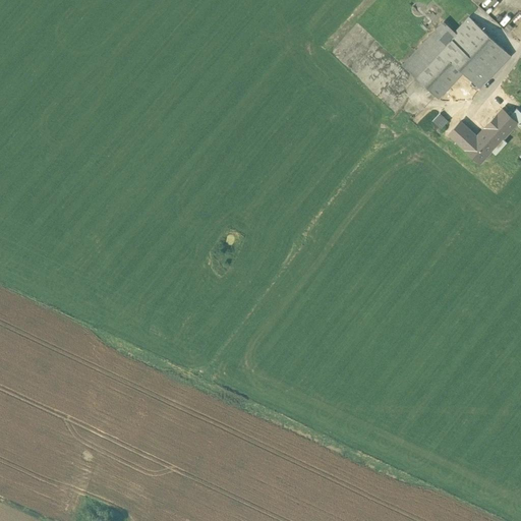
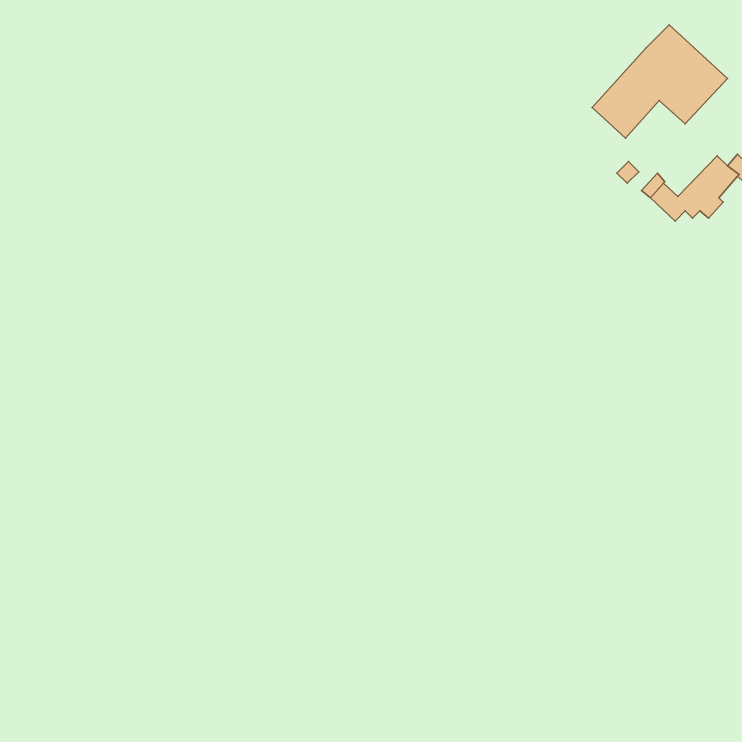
building: [402,23,453,76] -> none

